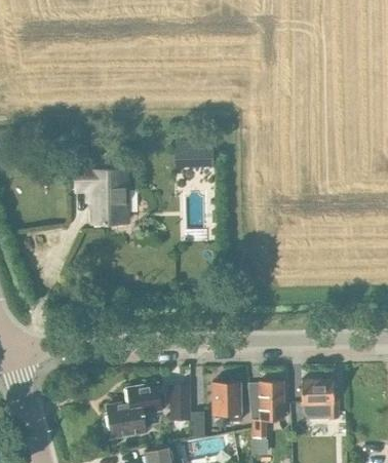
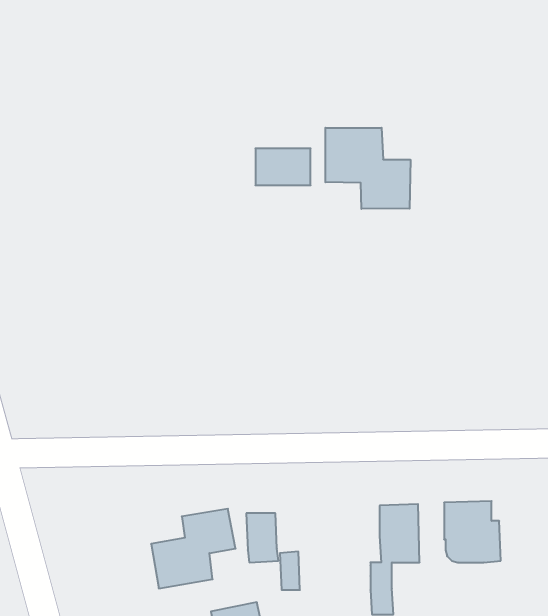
building: none -> [325,128,410,209]
building: [75,163,126,223] -> none
building: [211,379,241,422] -> none

